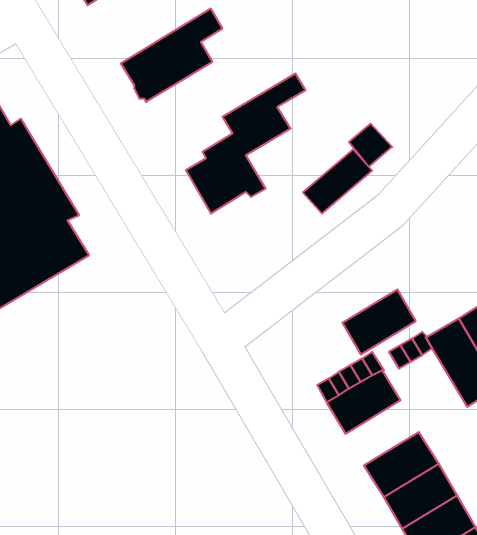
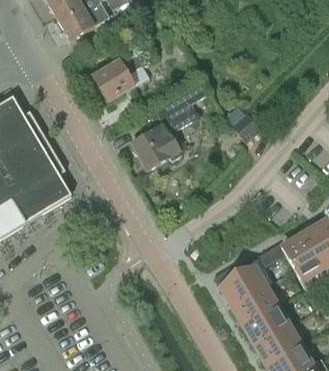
building: [303,150,372,214] -> none
building: [342,289,416,354] -> [231,285,276,325]

